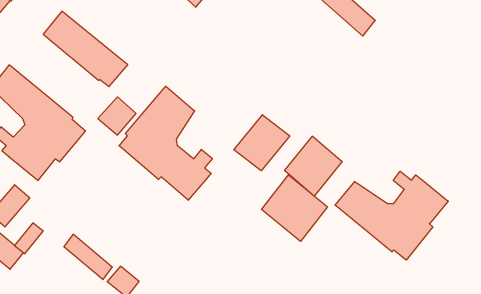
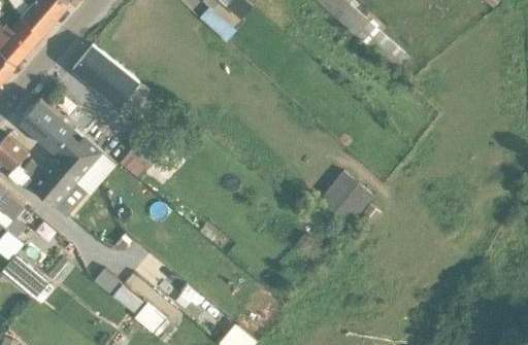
building: [119,86,212,200] -> none
building: [234,115,290,171] -> none
building: [335,171,448,260] -> none
building: [261,175,327,241] -> none

